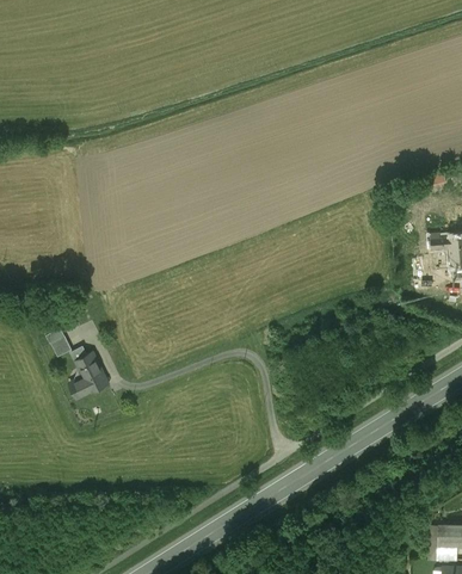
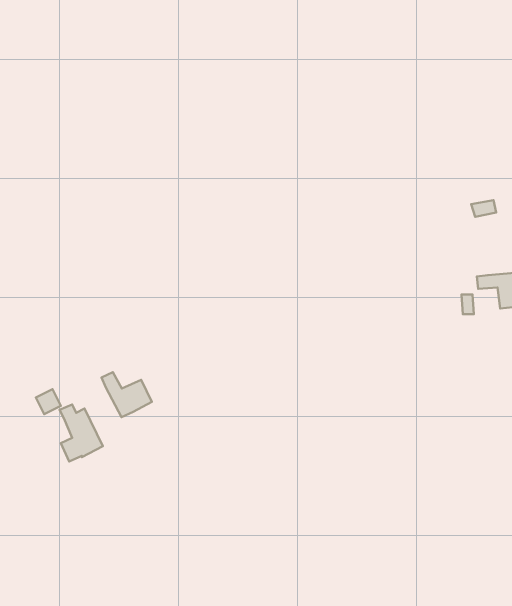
building: none -> [101,372,152,417]

